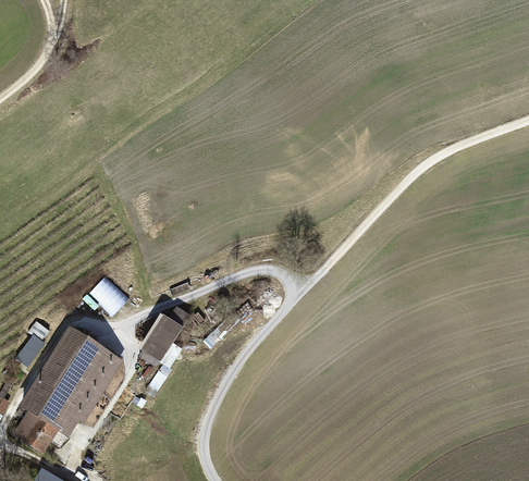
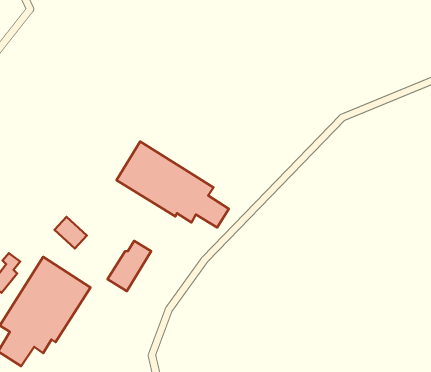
building: none -> [116,142,229,227]

